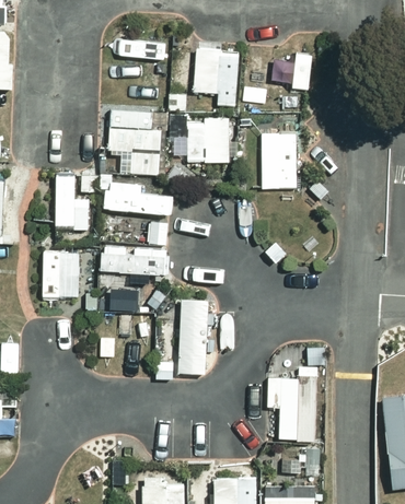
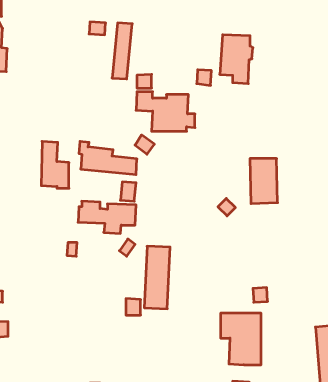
building: [194,48,238,106] -> none
building: [107,110,160,174] -> none
building: [263,134,296,188] -> [250,159,278,204]
building: [42,250,79,297] -> none

